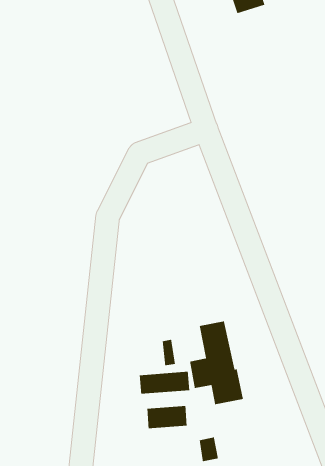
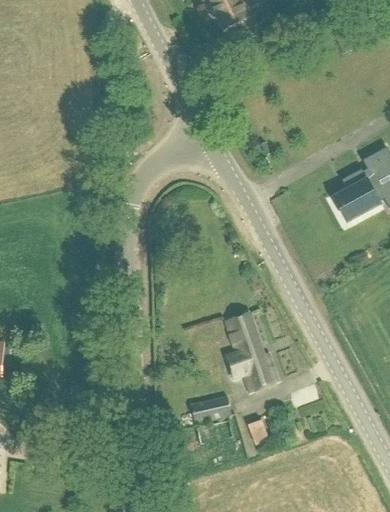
building: [139,371,190,395] -> none

